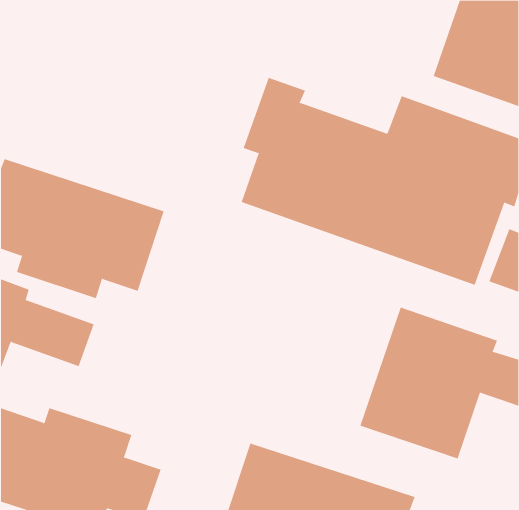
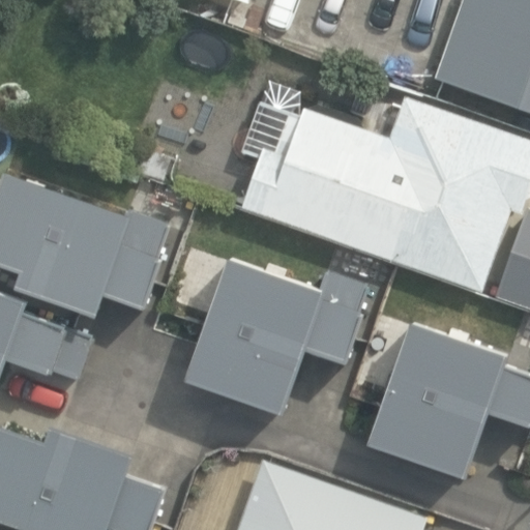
building: none -> [185,258,371,414]

